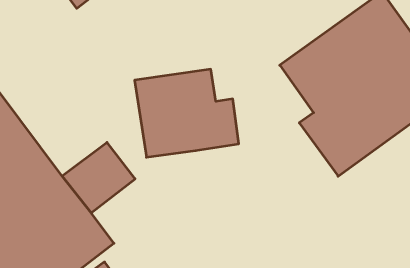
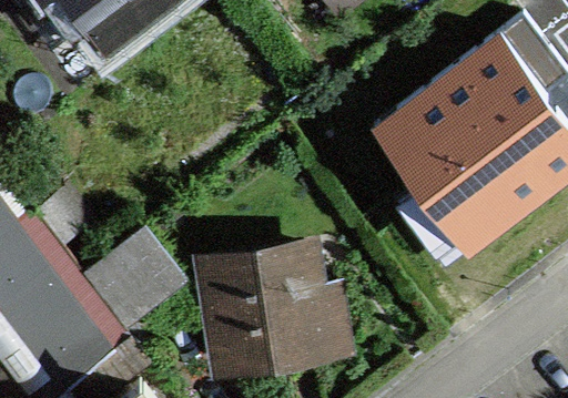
building: [135,69,239,157] -> [206,249,343,365]

